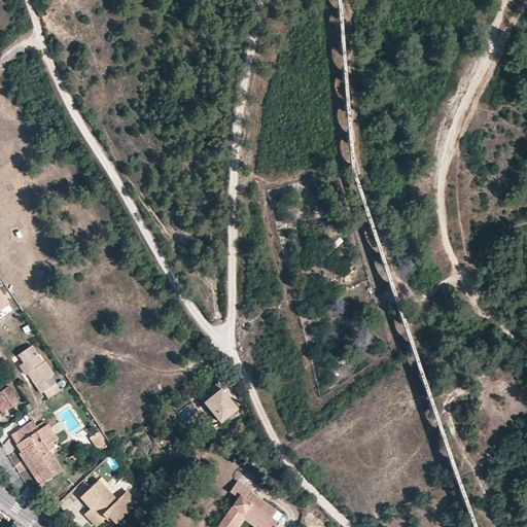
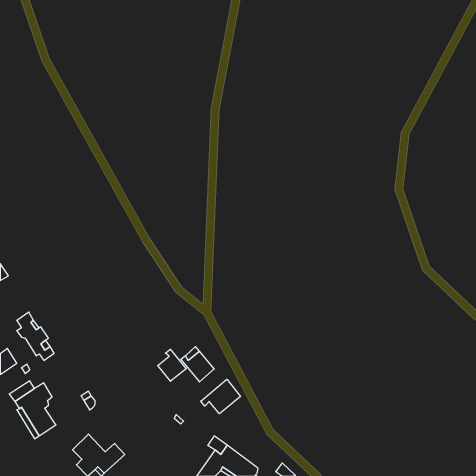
building: none -> [158,349,186,381]
building: none -> [201,379,240,414]

